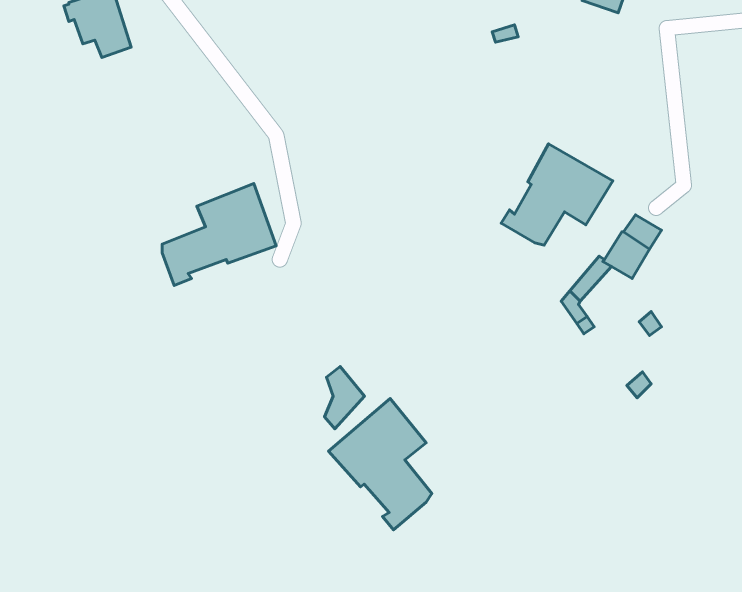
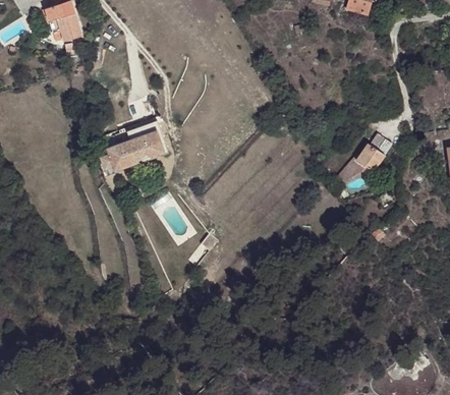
building: [501,144,613,245] -> none
building: [329,399,432,530] -> none

